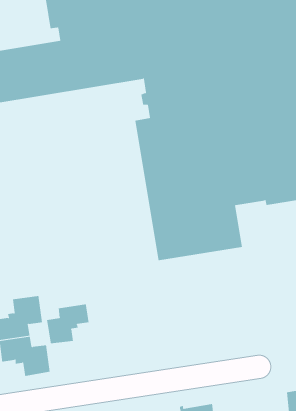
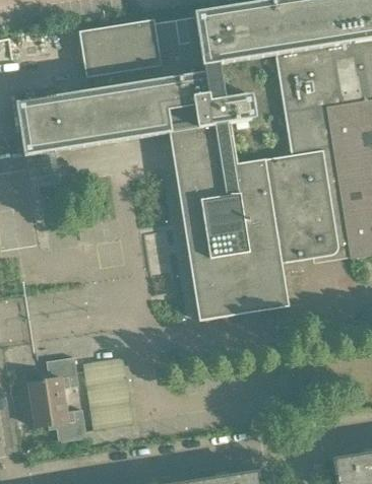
building: [47,303,89,344] -> none

